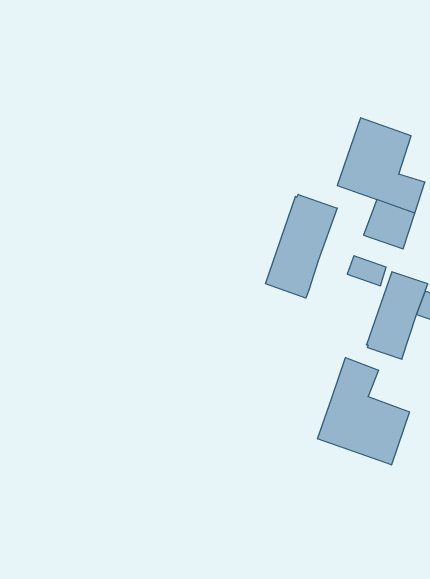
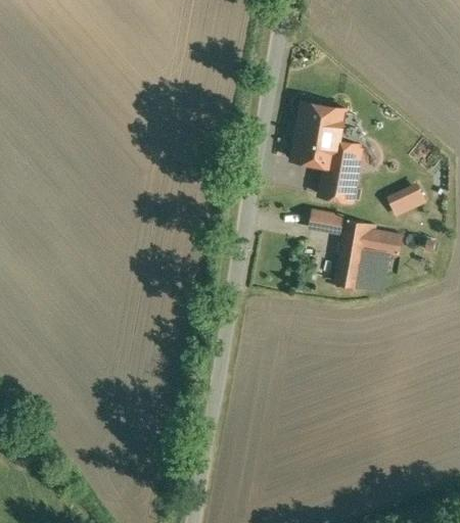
building: [266,194,337,298] -> none
building: [318,358,409,465] -> none

